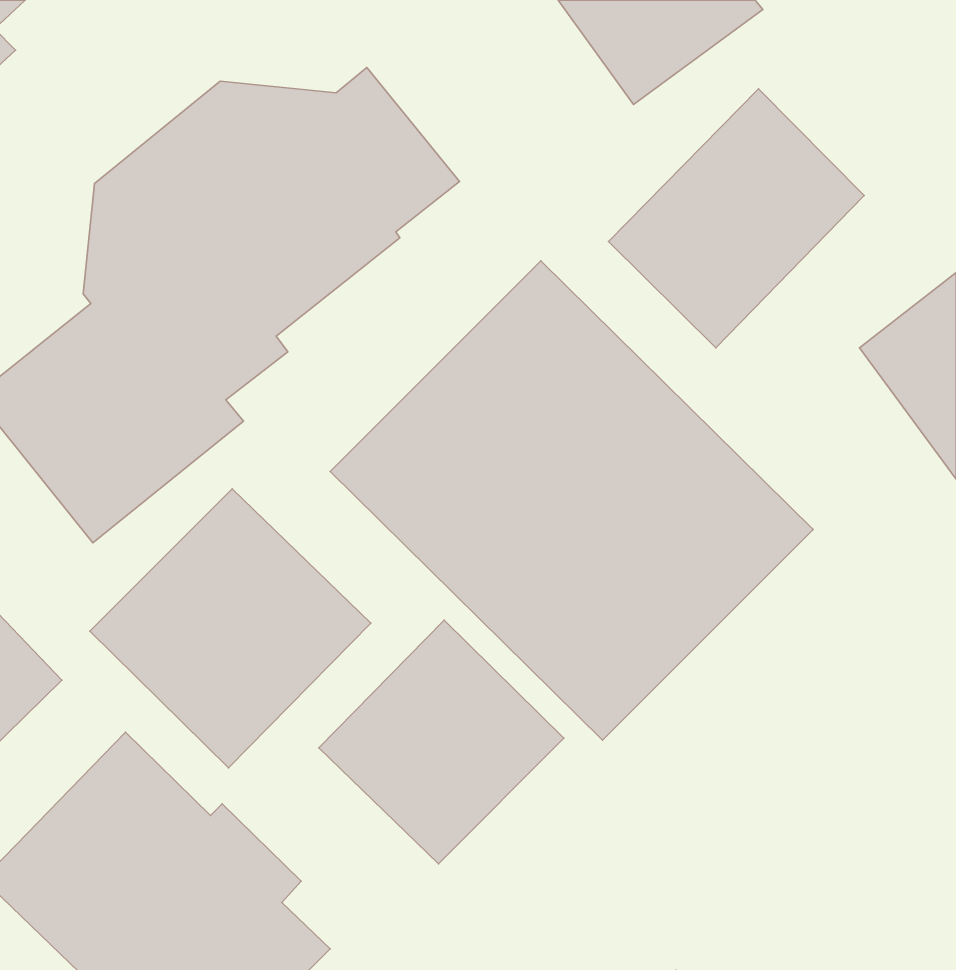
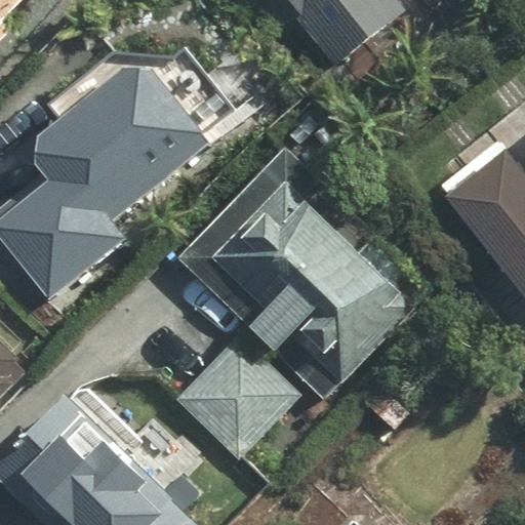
building: [608,89,864,348] -> none
building: [90,489,371,768] -> none

